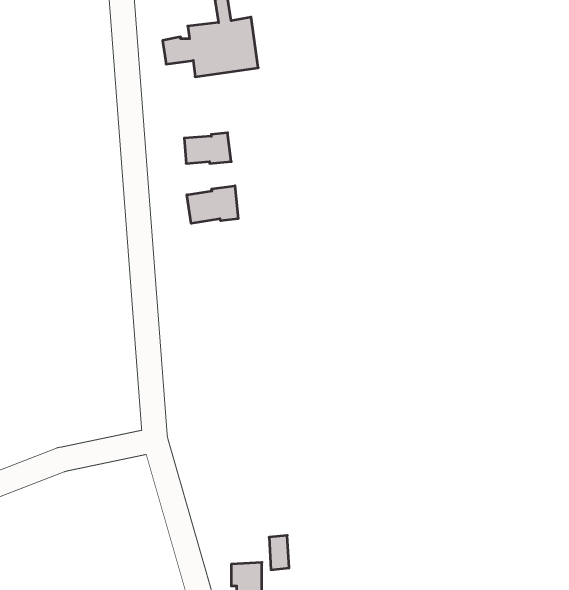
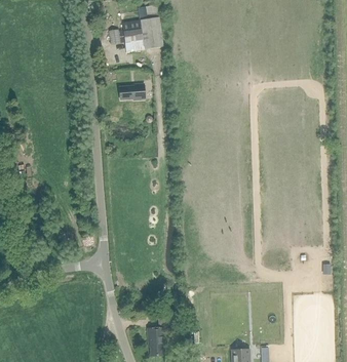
building: [187,186,238,223] -> none

